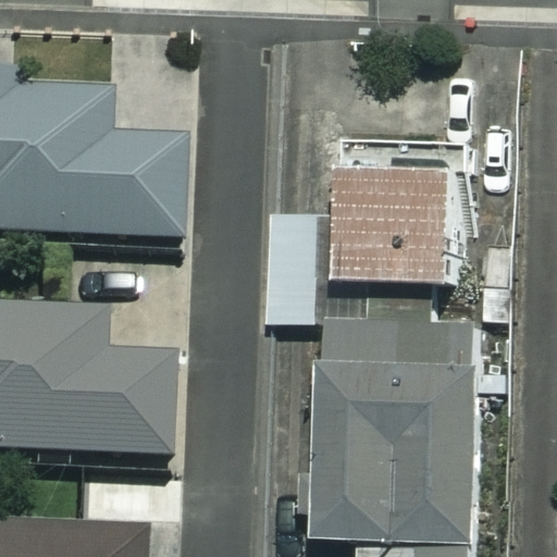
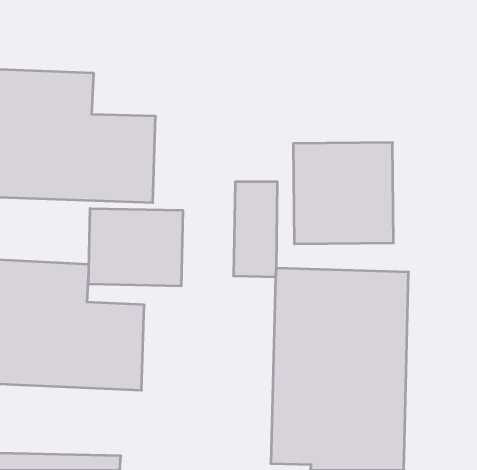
building: none -> [89,208,183,286]

